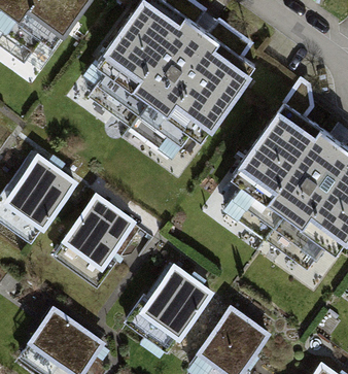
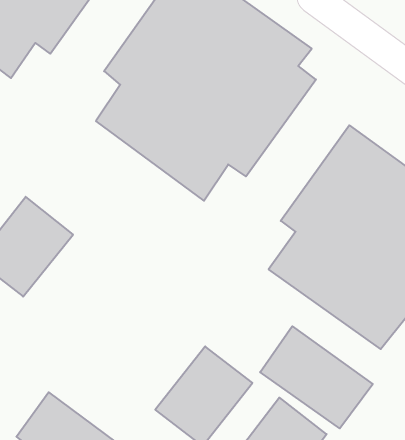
building: [59,200,133,276] -> none
building: none -> [260,326,373,428]

